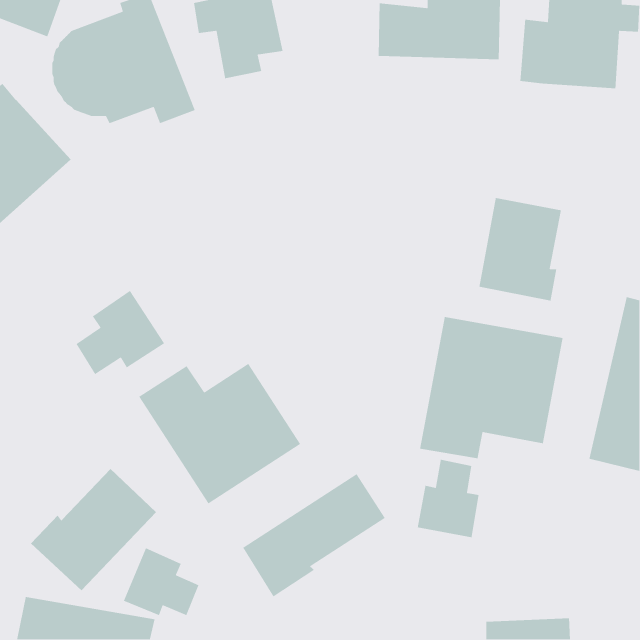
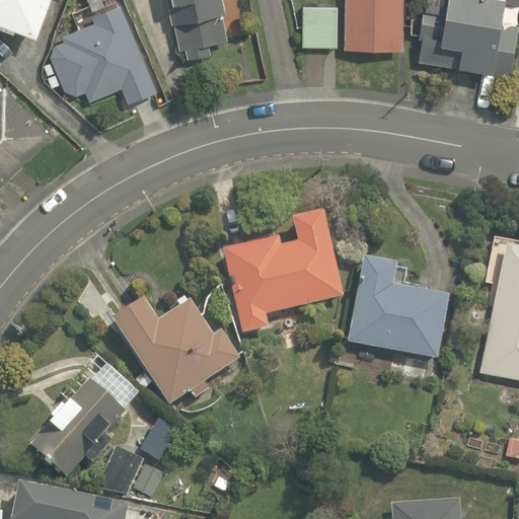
building: [478,197,562,302] -> none
building: none -> [219,208,347,337]
building: [75,290,165,375] -> none
building: [417,459,480,538] -> none
building: [242,473,386,598] -> none

